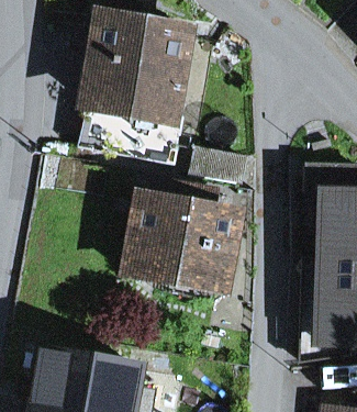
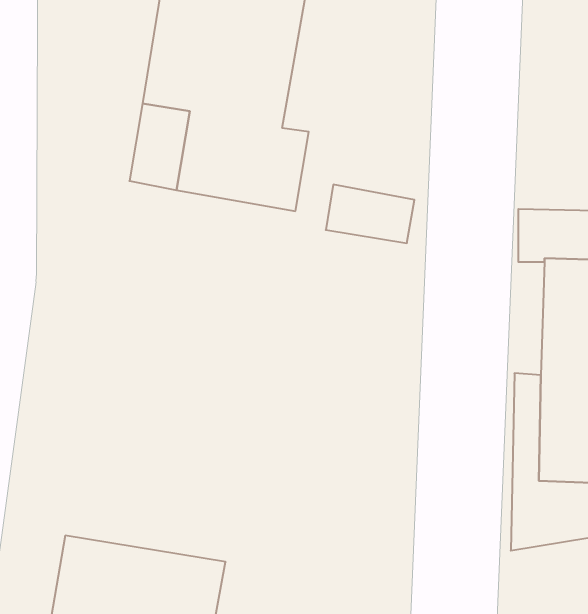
building: [127,187,233,289] -> none

